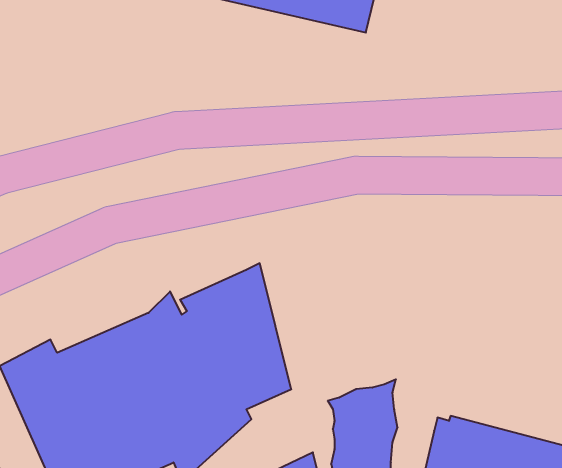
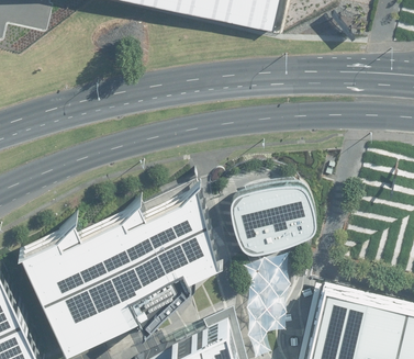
building: none -> [227,188,316,260]

